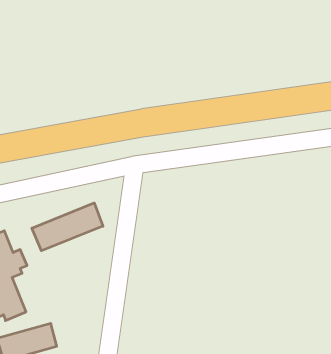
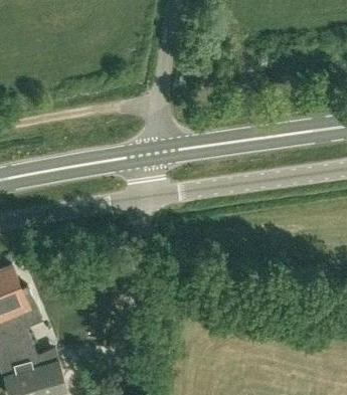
building: [32,203,103,251] -> none

